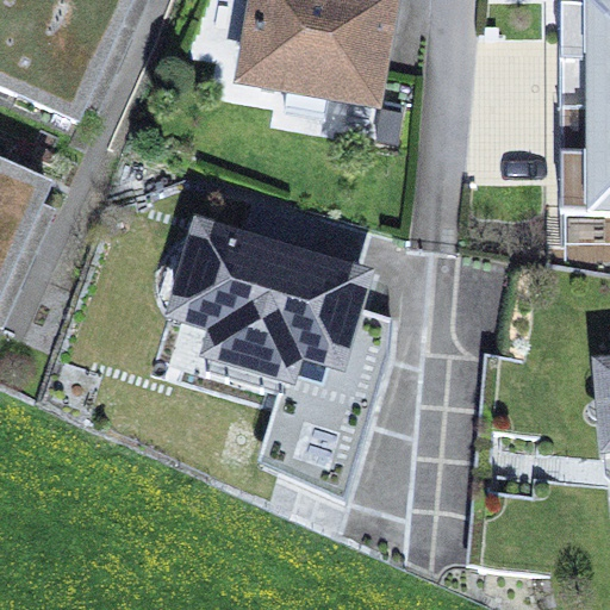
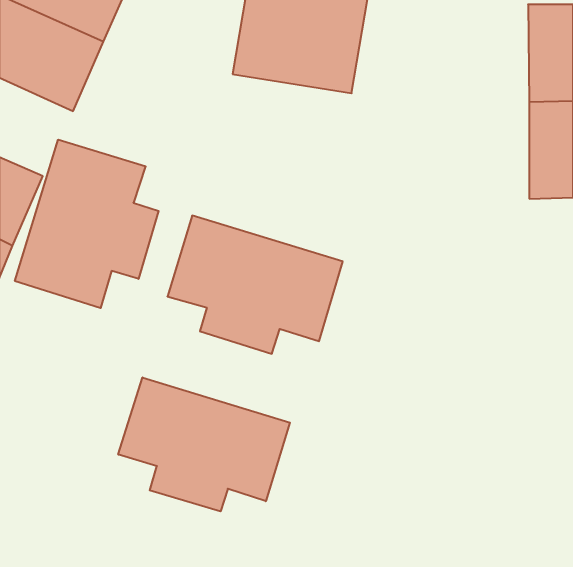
building: none -> [15,140,159,308]
building: none -> [118,377,290,511]

